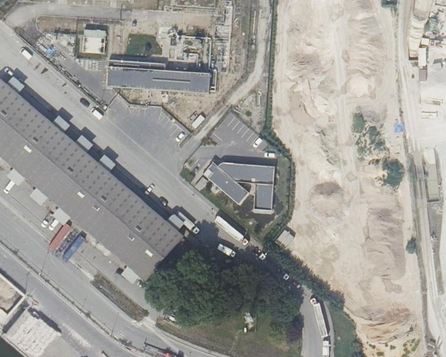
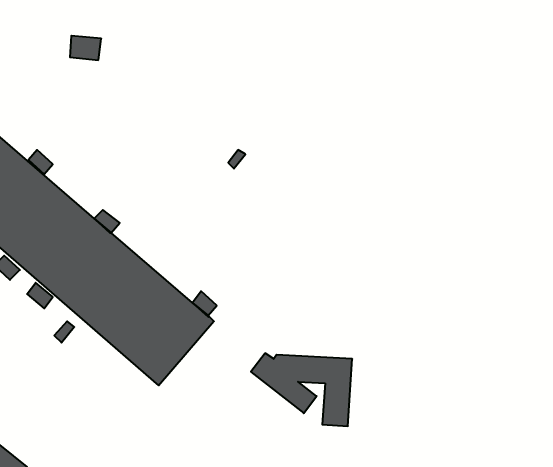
building: [106,59,209,93] -> none
building: [203,163,274,214] -> [251,353,352,426]

